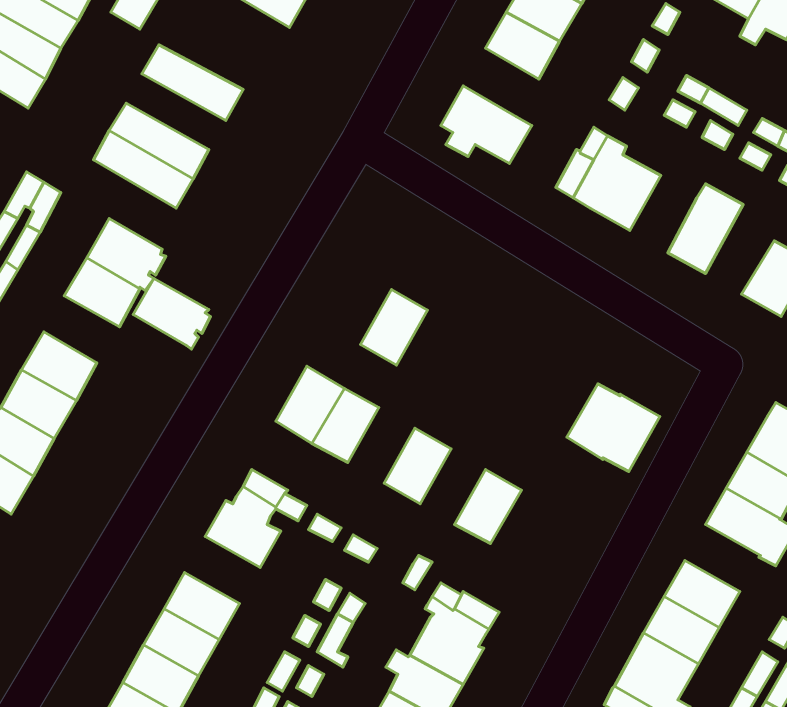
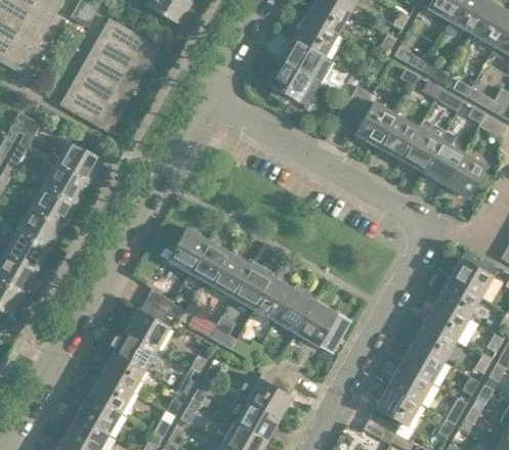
building: none -> [98,19,158,63]
building: none -> [280,39,333,85]
building: none -> [79,54,138,99]
building: none -> [379,115,419,161]
building: none -> [424,132,465,185]
building: [133,279,210,349] -> [30,186,76,228]
building: [360,290,427,365] -> [211,253,251,298]
building: [567,384,660,472] -> [296,302,351,354]
building: none -> [254,277,293,322]
building: none -> [412,322,457,362]
building: none -> [114,329,159,369]

